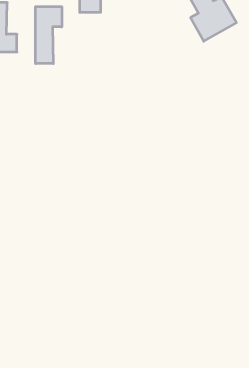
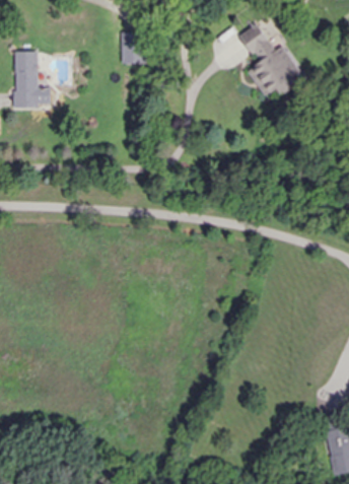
building: [36,7,62,64] -> none

